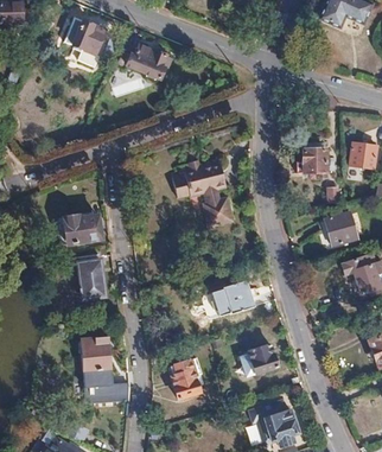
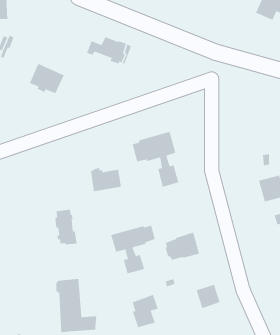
building: [63,17,106,53] -> [29,63,65,94]
building: [295,149,326,177] -> none
building: [64,214,102,243] -> [90,167,122,192]
building: none -> [111,225,156,274]

